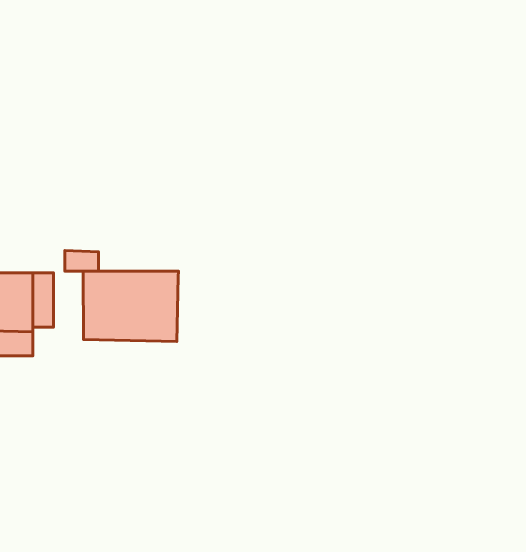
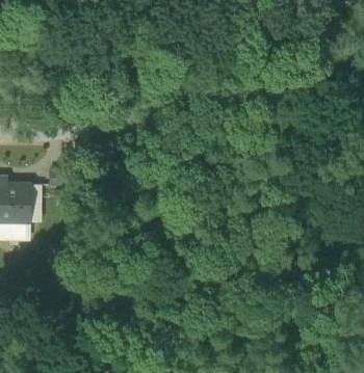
building: [83,271,178,341] -> none

